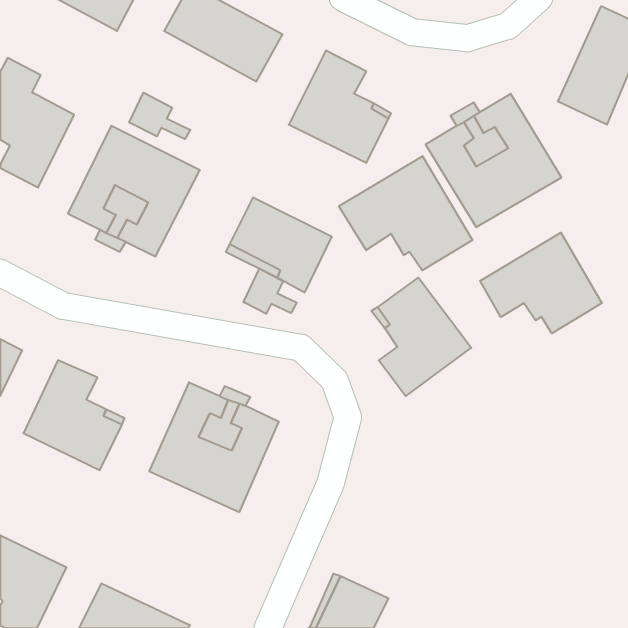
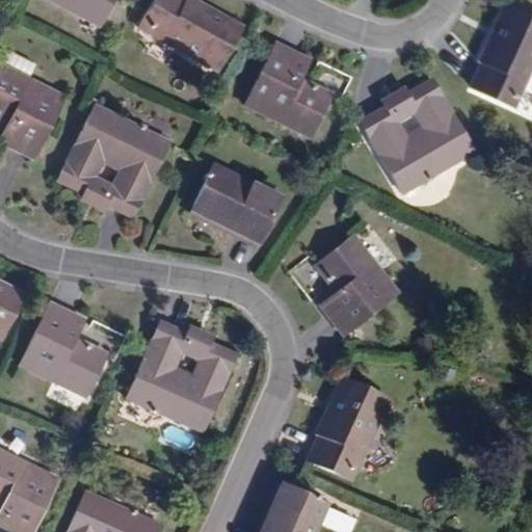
building: [129,93,190,139] -> none
building: [339,156,472,270] -> none
building: [480,233,602,333] -> none
building: [243,269,297,314] -> none
building: none -> [309,379,389,480]

